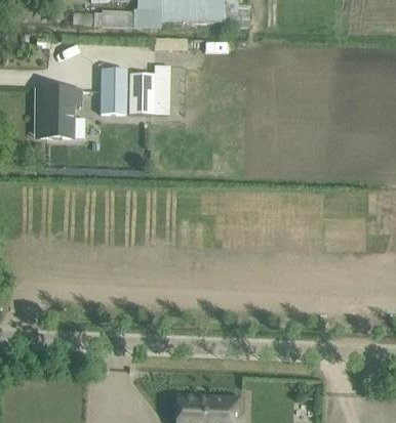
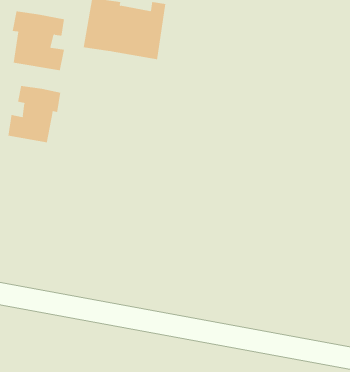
building: none -> [8,85,61,143]

